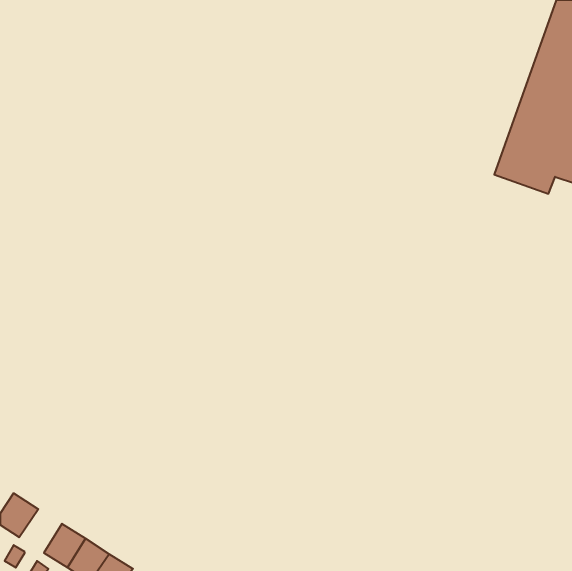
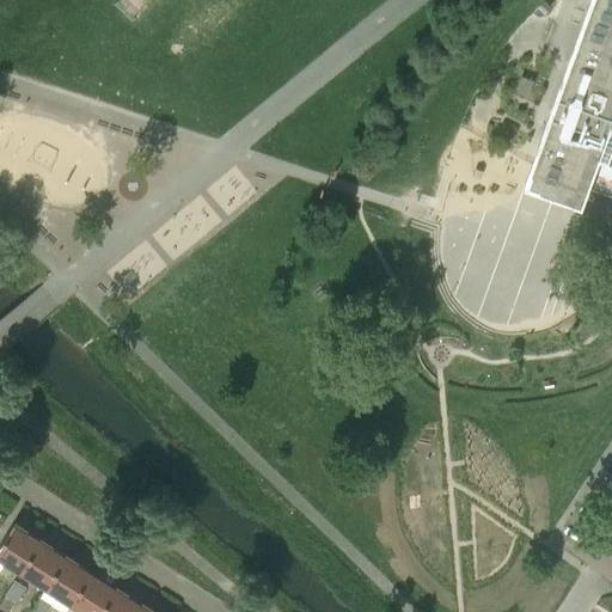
building: none -> [24,545,69,592]

